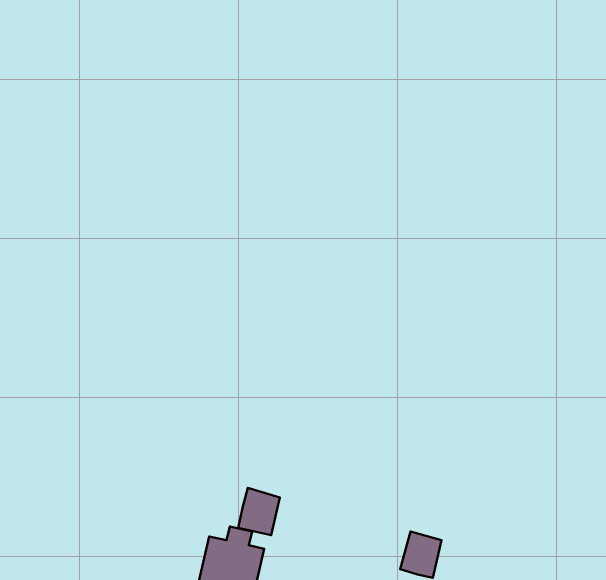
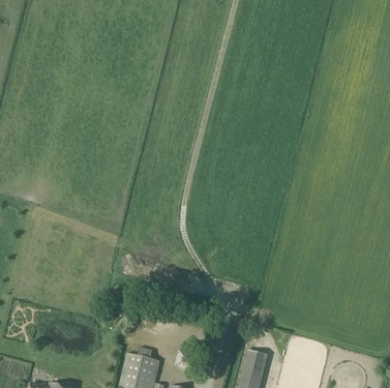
building: [238,488,280,535] -> none

